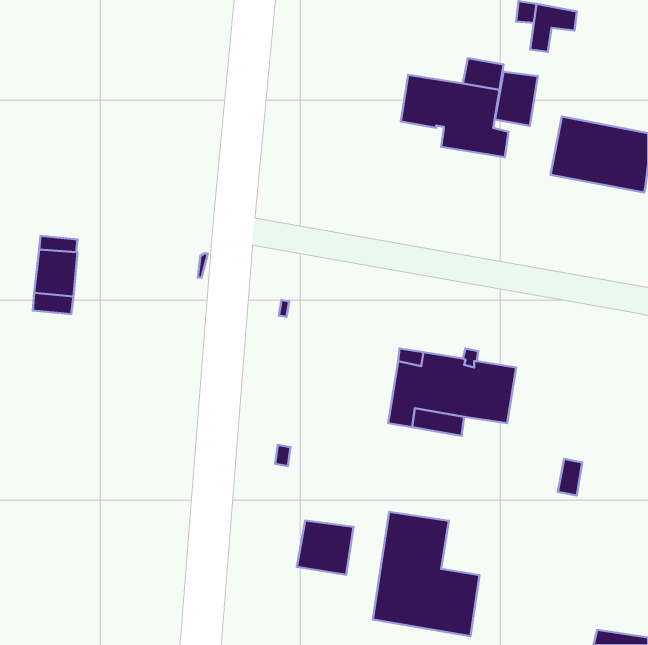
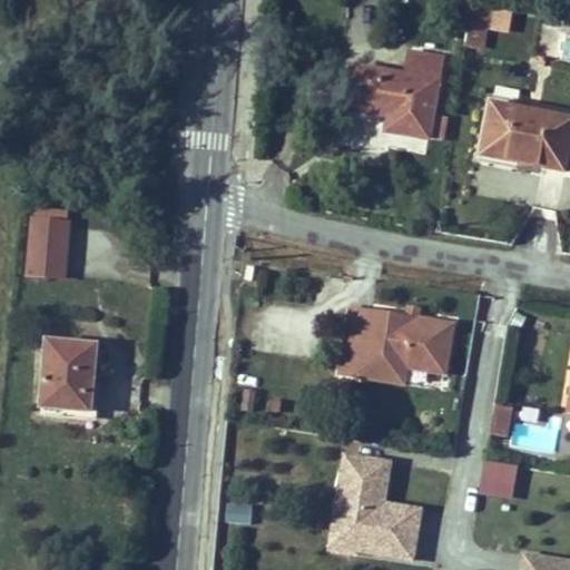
building: [495,72,538,126] -> none
building: none -> [41,340,97,411]
building: [297,520,353,575] -> none
building: none -> [479,459,517,499]

